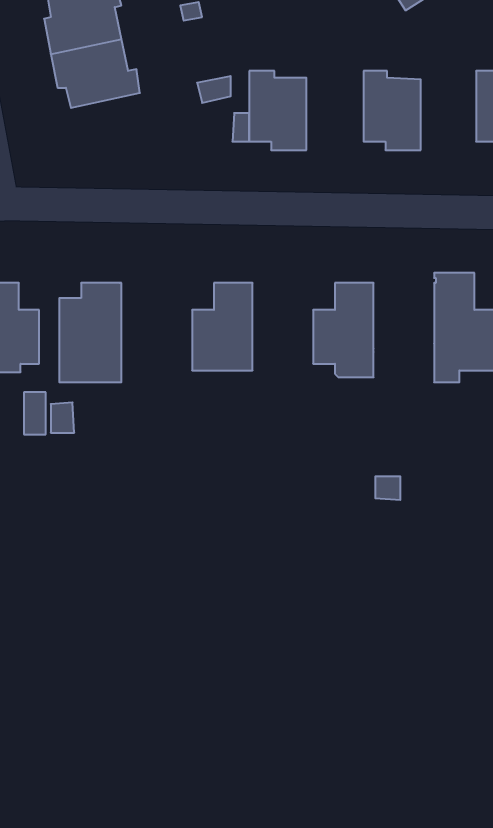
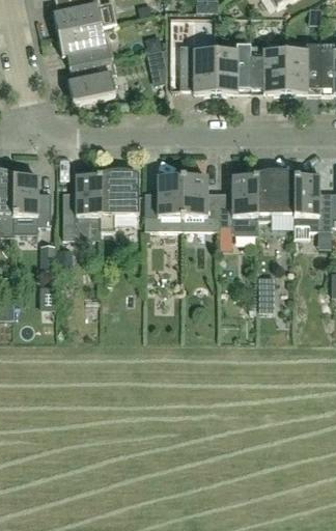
building: none -> [215,45,250,93]
building: none -> [285,45,319,93]
building: none -> [67,58,115,103]
building: none -> [100,168,138,229]
building: none -> [256,168,295,218]
building: none -> [181,175,219,229]

